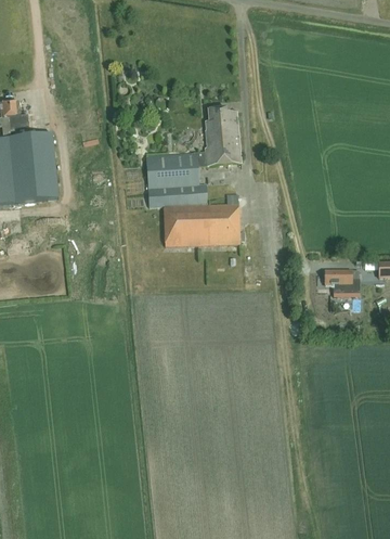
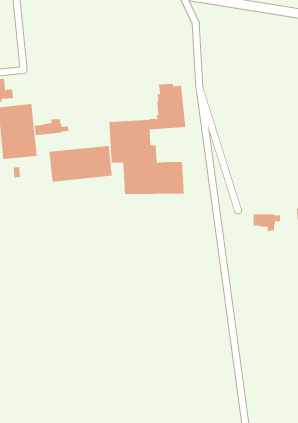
building: none -> [34,119,69,136]
building: none -> [49,145,112,182]

